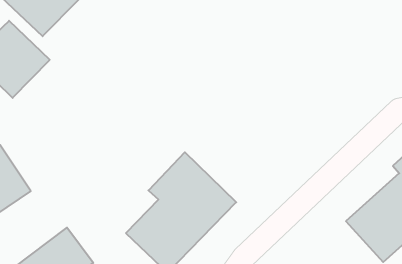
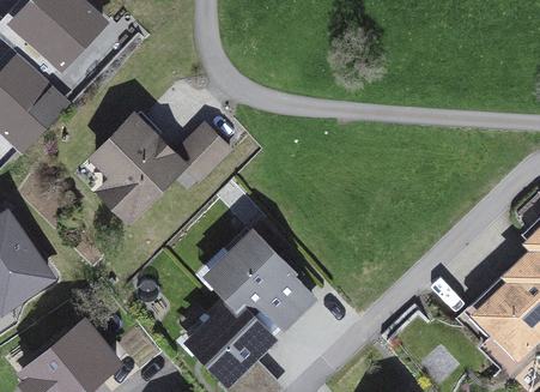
building: none -> [87,111,236,221]

